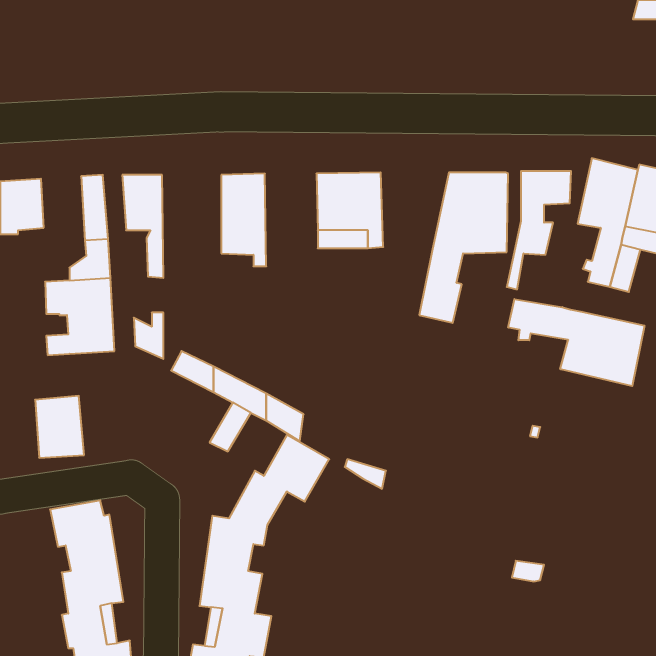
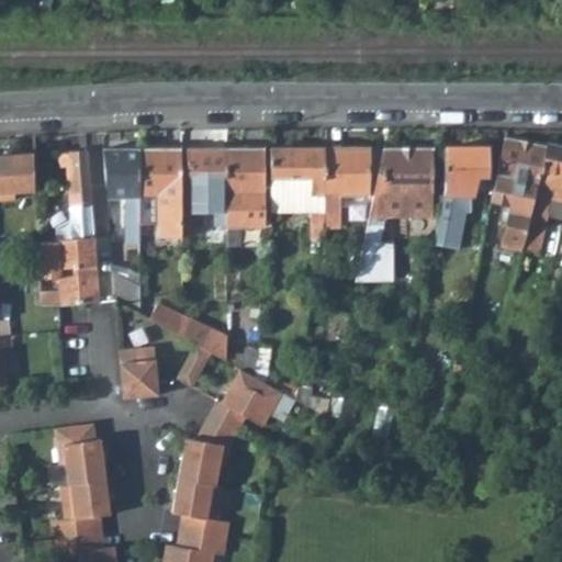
building: none -> [326,148,370,212]
building: none -> [227,149,267,247]
building: none -> [139,150,182,239]
building: [508,299,644,386] -> none
building: [35,396,84,458] -> [122,345,164,397]

